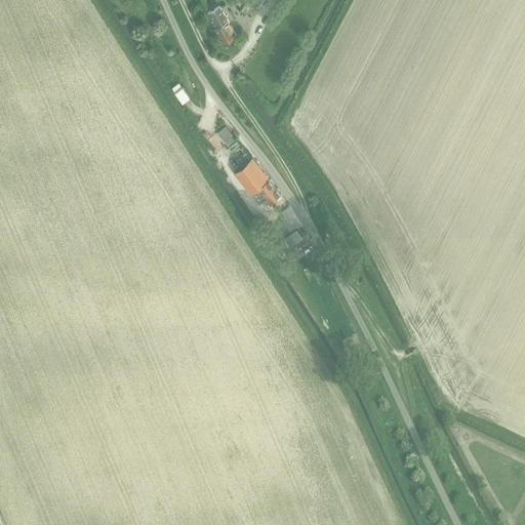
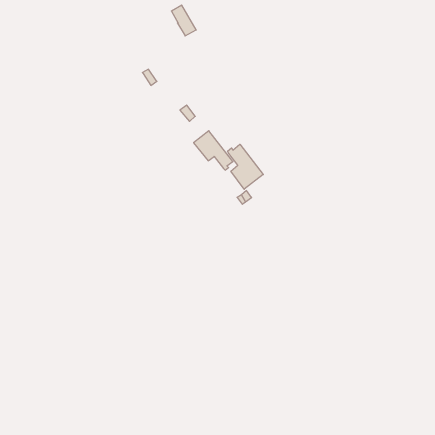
building: none -> [228,144,263,189]

